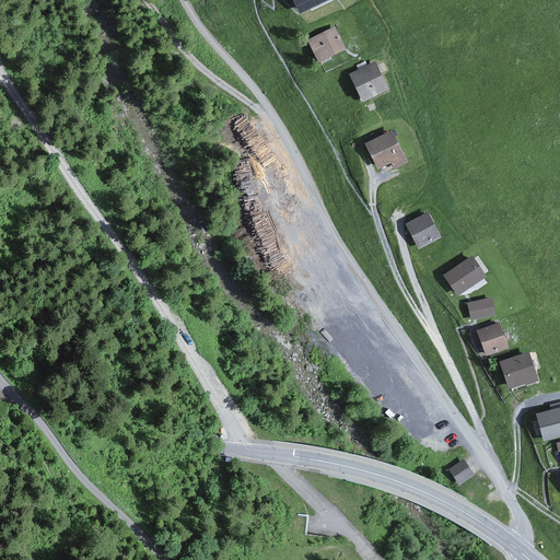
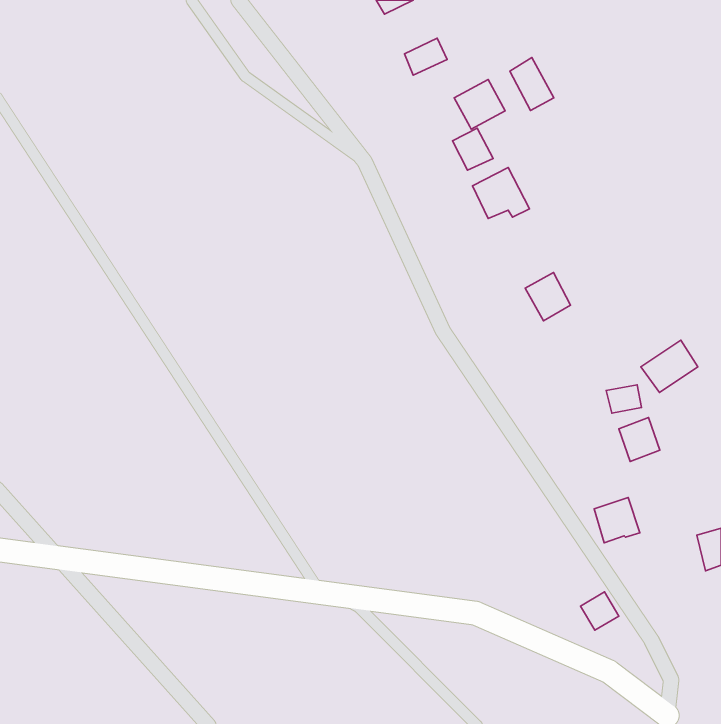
building: none -> [510,58,554,111]
building: none -> [453,128,493,170]
building: [442,254,486,294] -> [641,340,698,393]
building: [501,353,536,388] -> [594,497,640,543]

